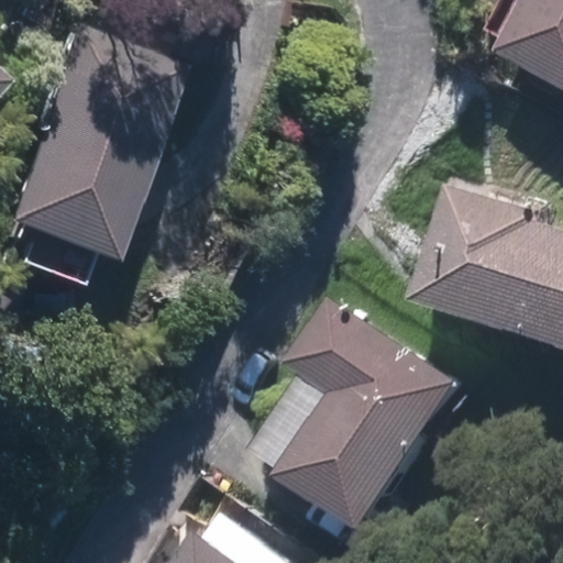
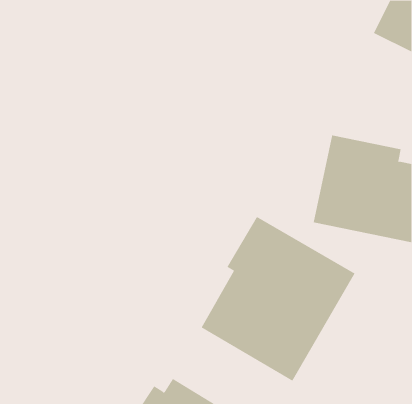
building: [9,30,185,260] -> none

